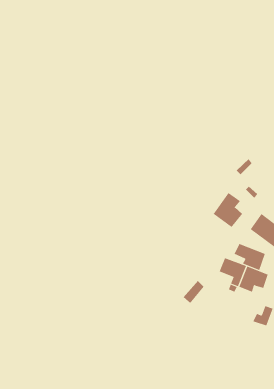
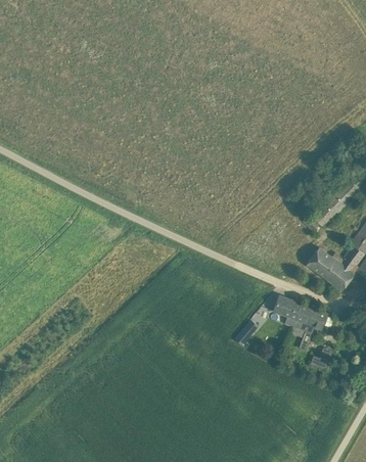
building: [213,192,243,228] -> none
building: [234,243,266,271] -> none

